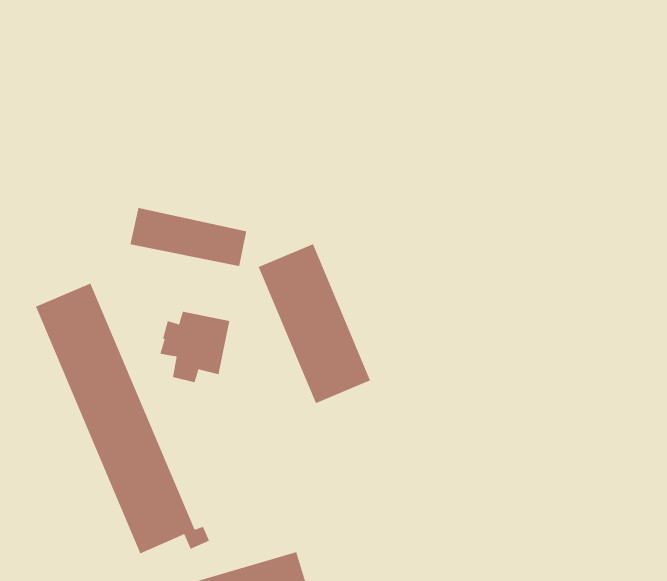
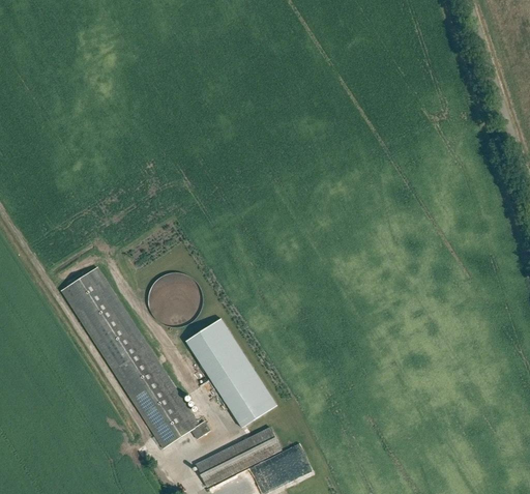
building: [130,207,247,267] -> none
building: [258,244,371,404] -> [185,318,276,428]

